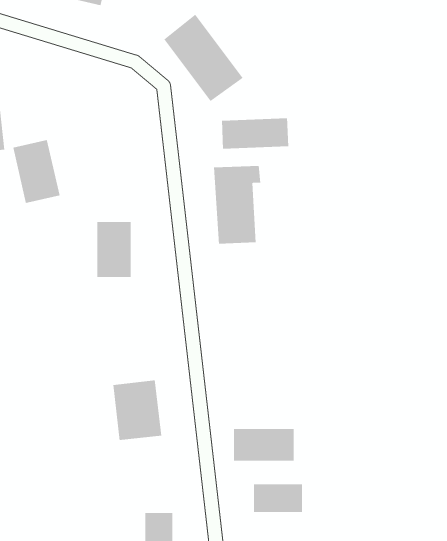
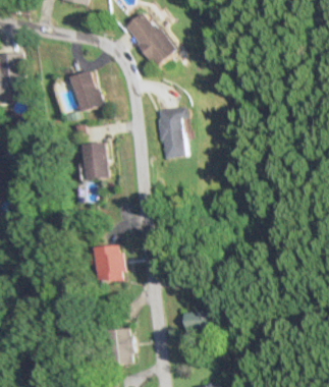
building: [221,118,289,150] -> none
building: [12,139,60,203] -> [70,71,101,112]
building: [234,428,294,461] -> none

